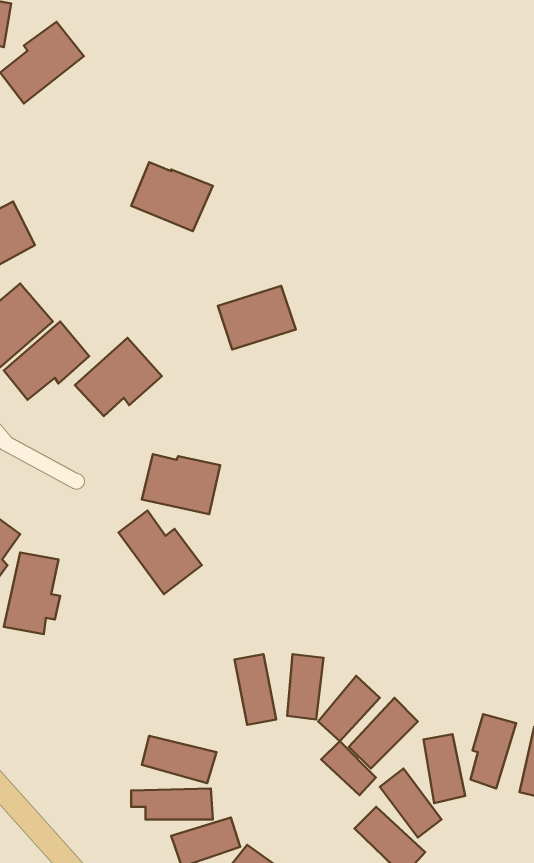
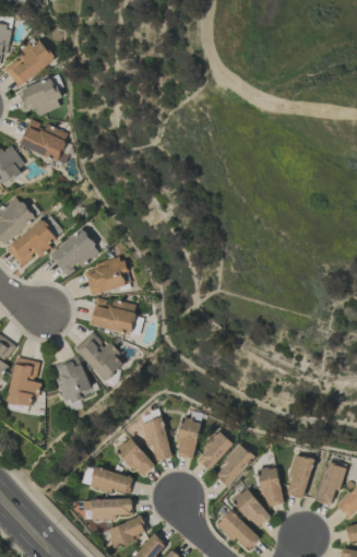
building: none -> [19,80,61,115]
building: [131,162,213,231] -> [20,119,69,161]
building: [218,286,296,349] -> [83,258,130,296]
building: none -> [56,357,93,404]
building: none -> [116,437,155,477]
building: [321,741,376,795] -> none

